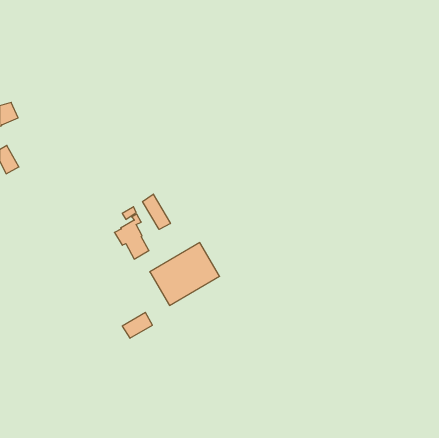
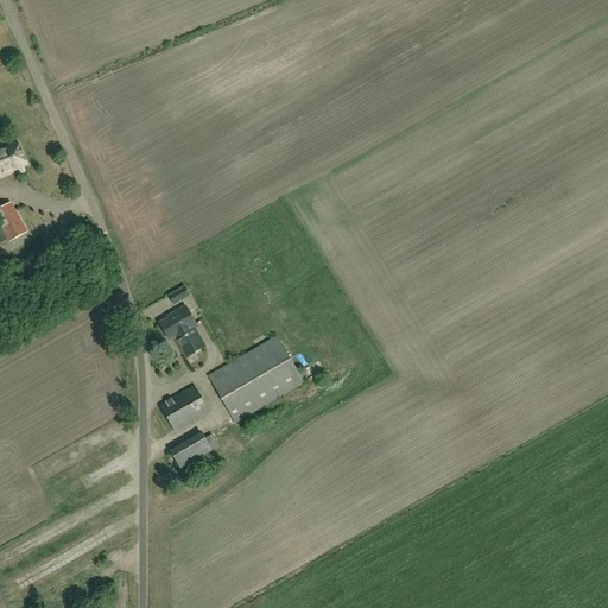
building: [143,194,170,229] -> none
building: none -> [159,384,209,430]

